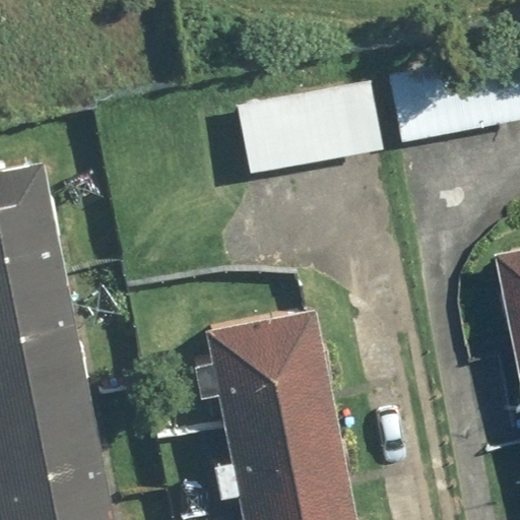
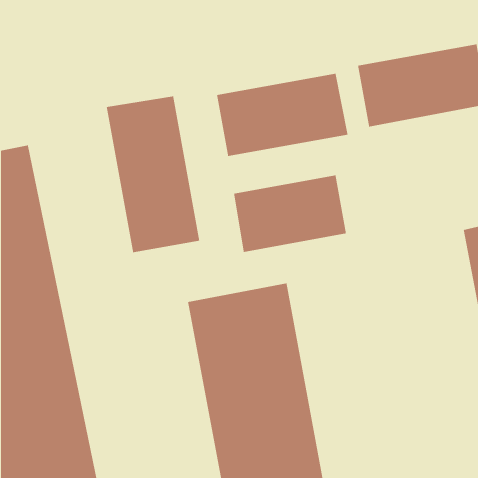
building: none -> [106,95,200,253]
building: none -> [233,174,347,253]

